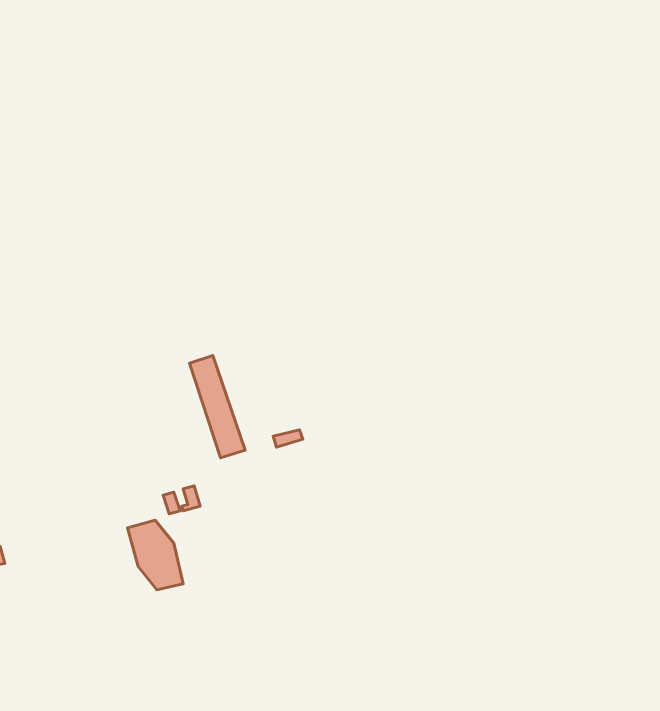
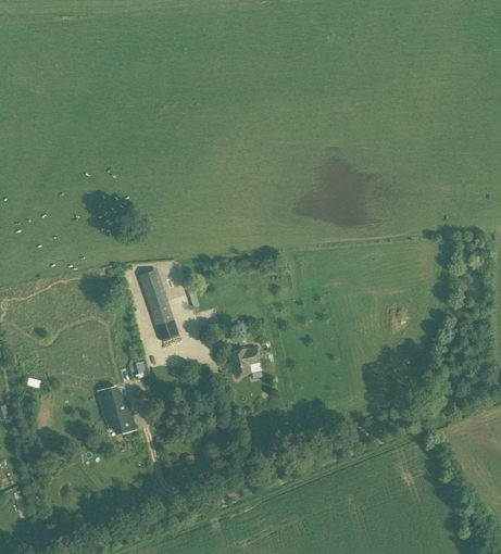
building: none -> [228,347,261,375]

